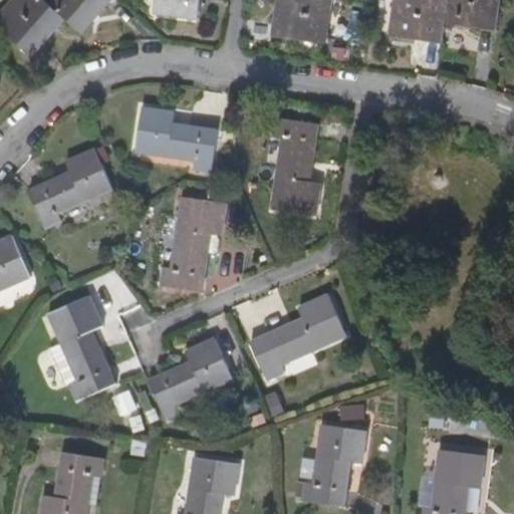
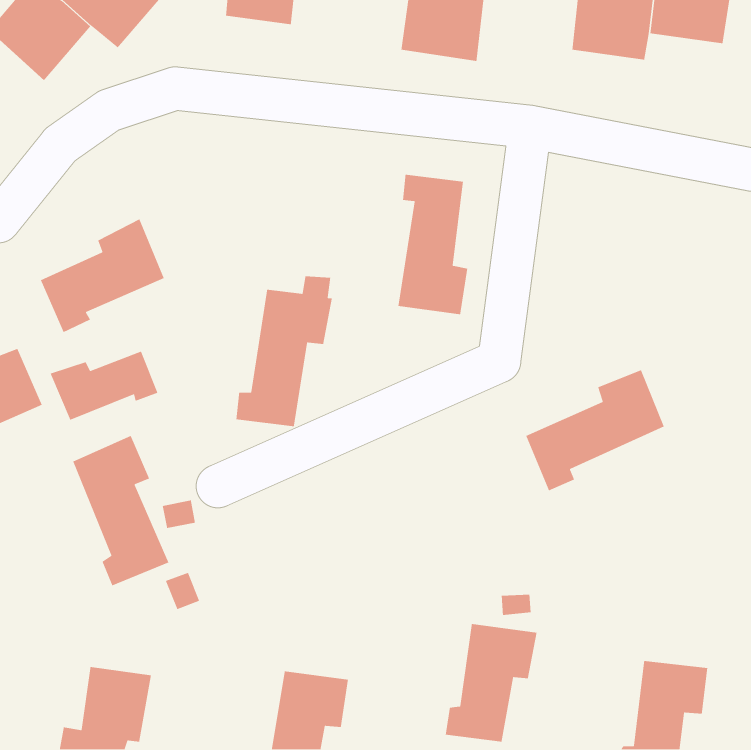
building: [136,106,217,170] -> none
building: none -> [50,350,159,421]
building: [250,295,345,378] -> [525,369,665,492]
building: [148,338,232,418] -> none

